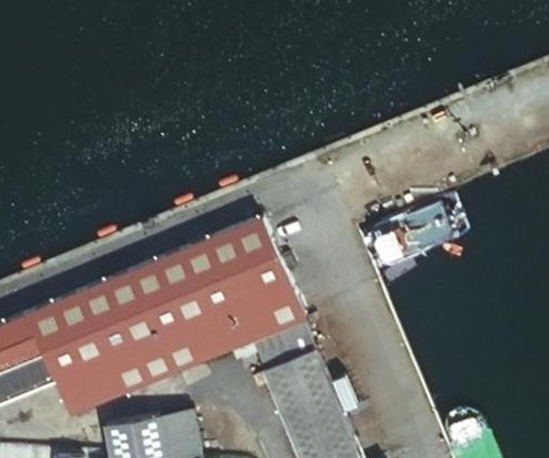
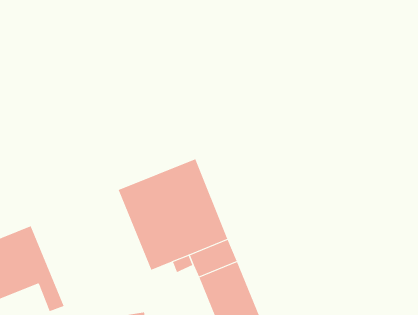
building: [47,257,202,407] -> none

